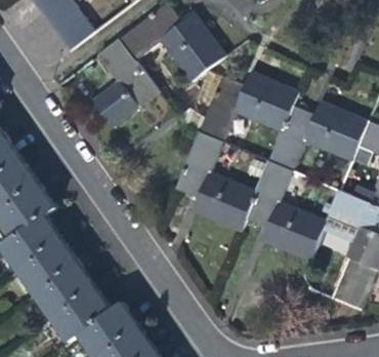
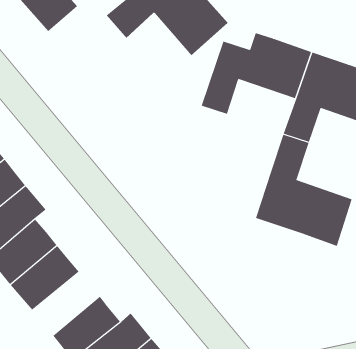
building: [95,43,162,132] -> none
building: [173,128,254,230] -> none
building: [37,265,97,319] -> none

